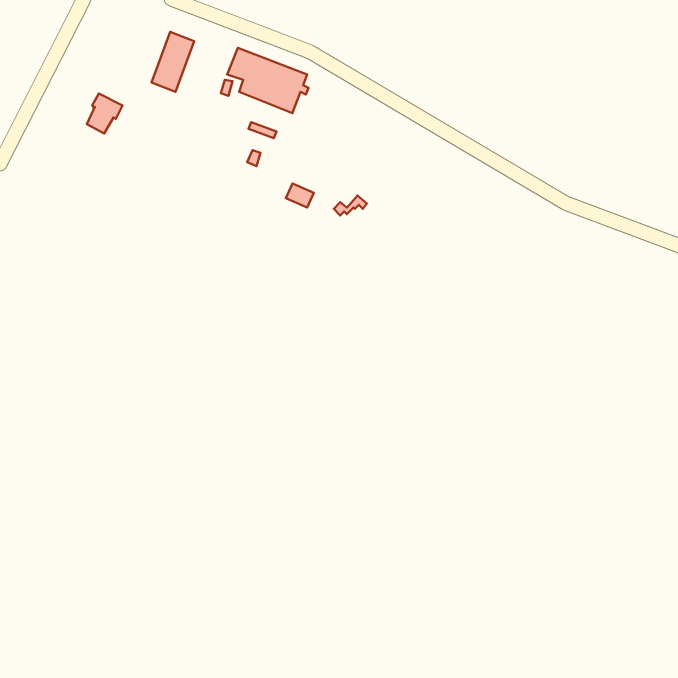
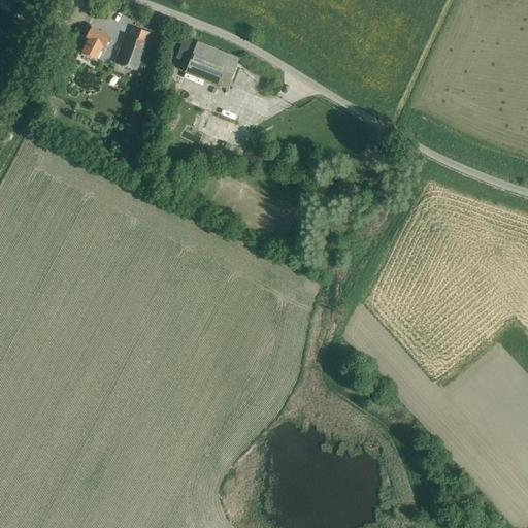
building: [87,94,123,133] -> [85,26,112,57]

